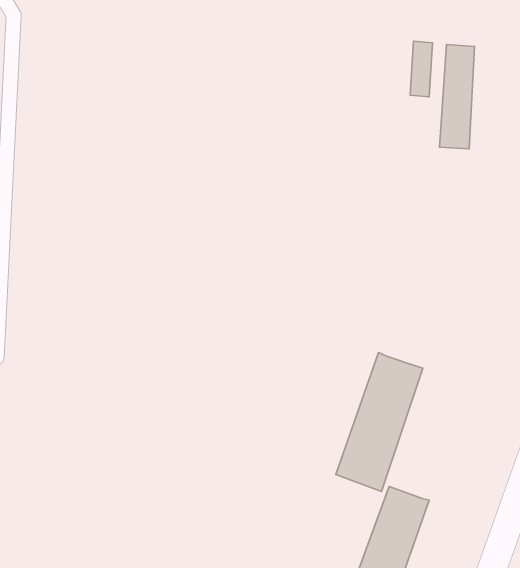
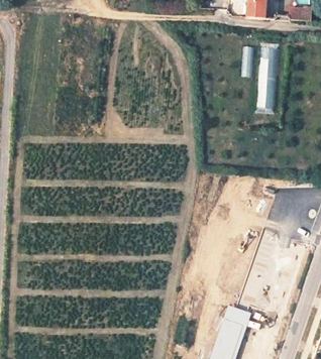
building: [336,353,423,491] -> none

